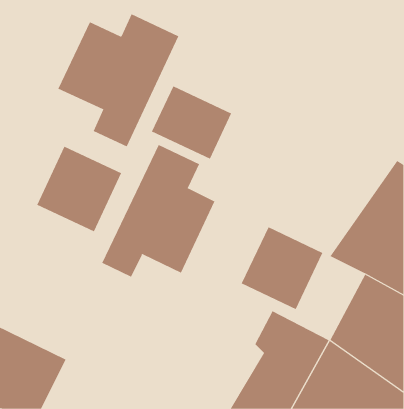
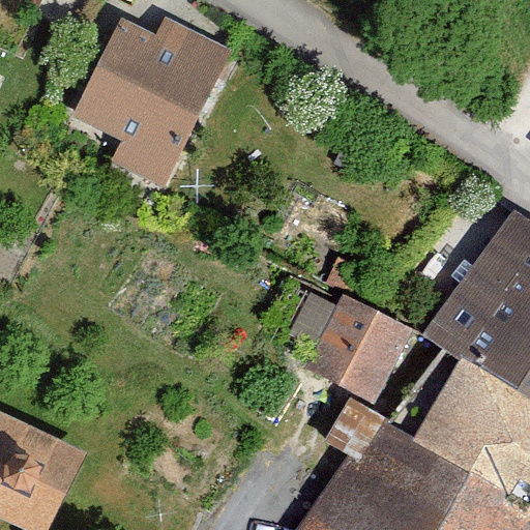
building: [151,86,232,160] -> none
building: [101,144,215,278] -> none
building: [37,146,122,232] -> none

